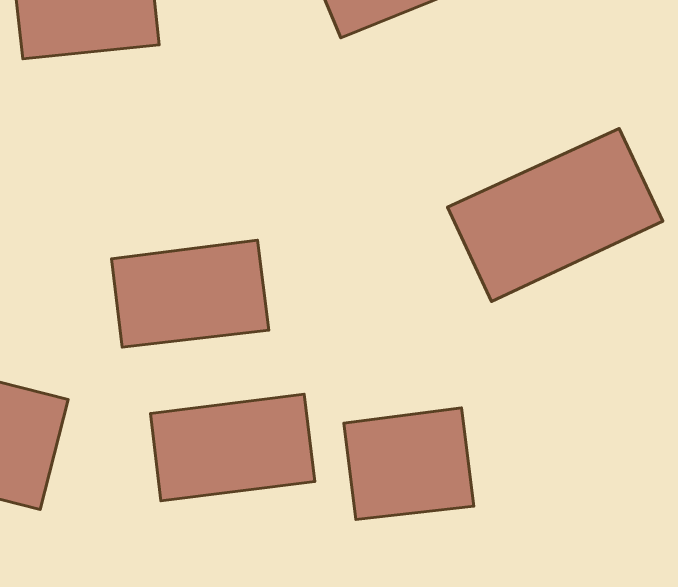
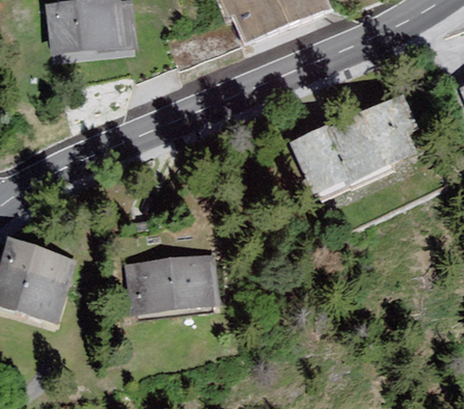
building: [112,240,269,347] -> none
building: [344,408,474,520] -> none

